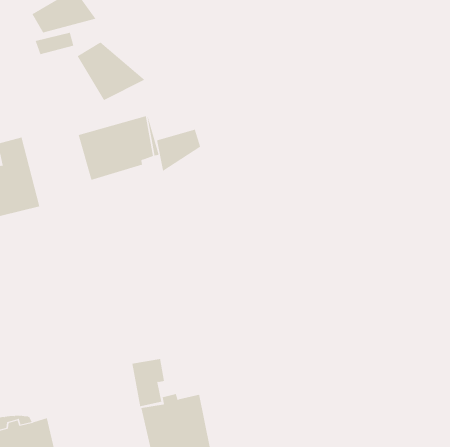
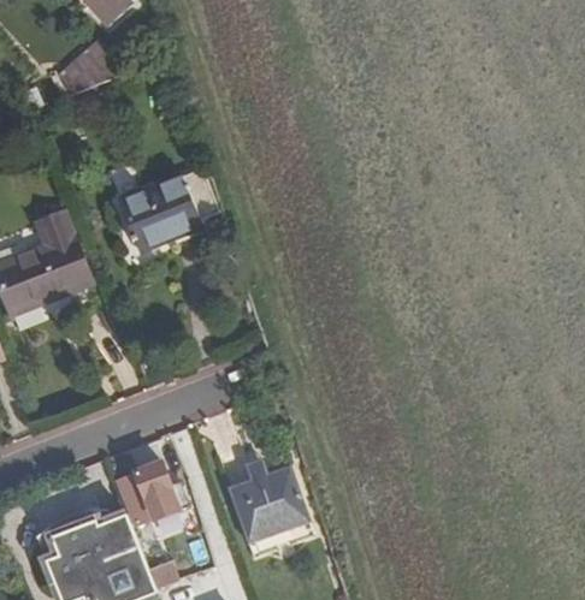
building: [77,42,146,101] -> none
building: [156,129,201,172] -> none
building: none -> [119,461,197,519]

